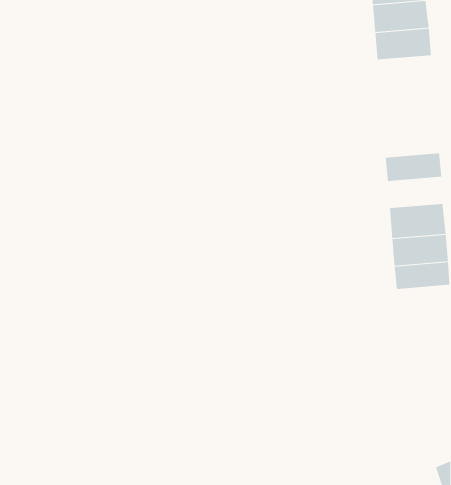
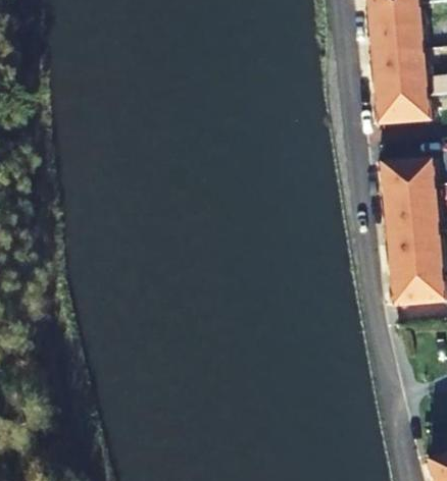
building: none -> [377,96,427,122]
building: none -> [383,160,433,186]
building: none -> [386,204,436,231]

